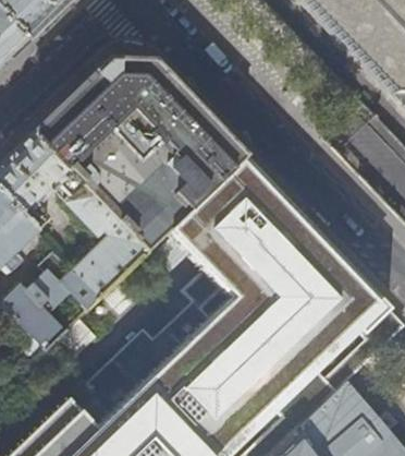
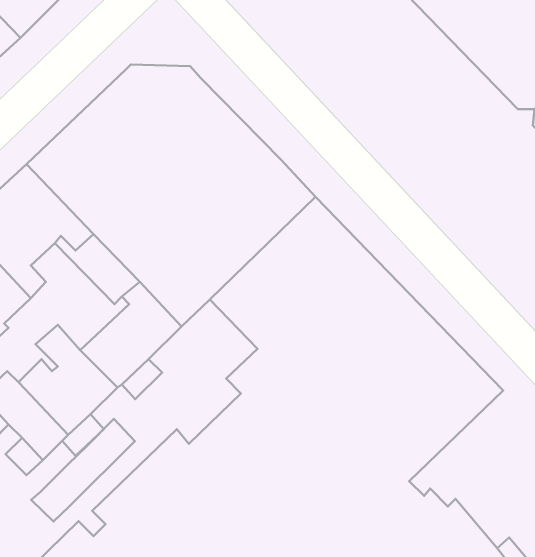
building: none -> [31,419,135,521]

